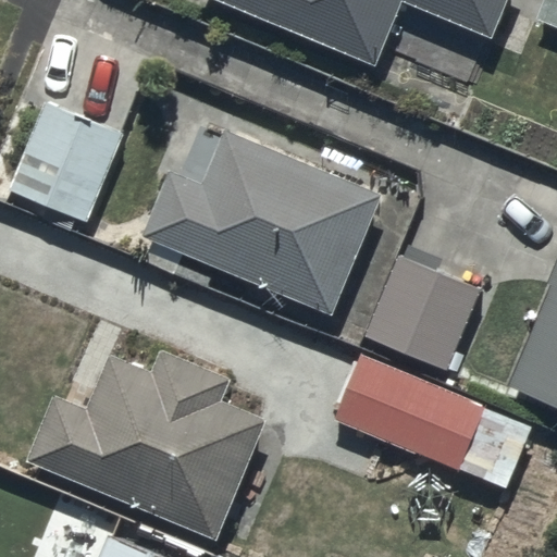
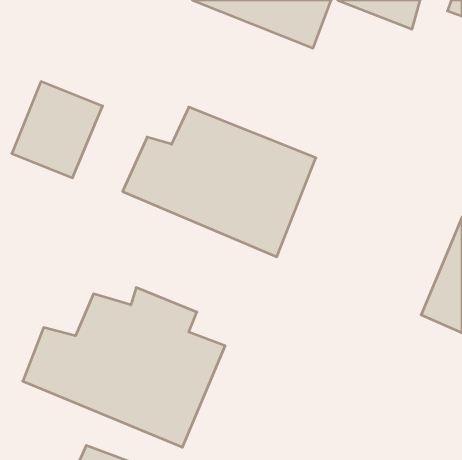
building: [362,252,479,370] -> none
building: [308,356,525,491] -> none

